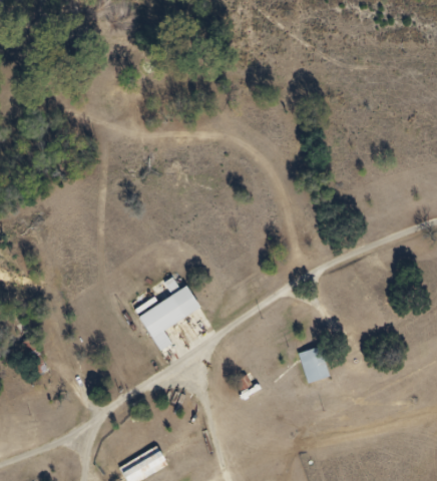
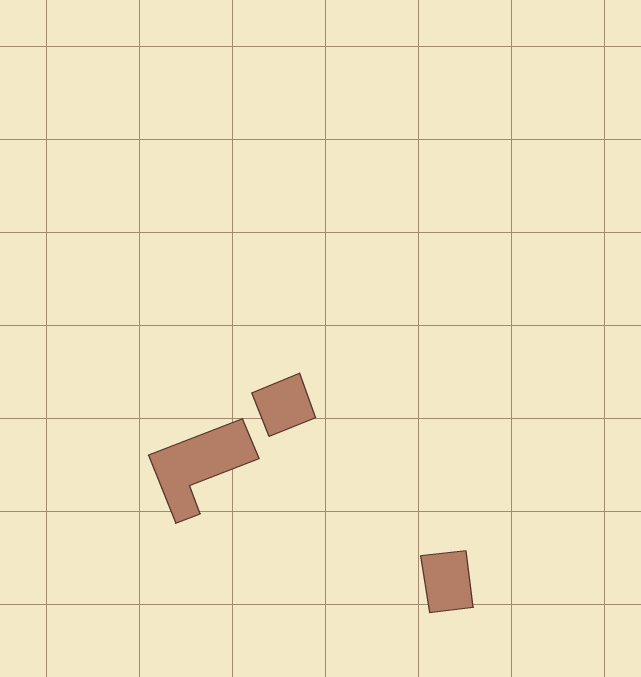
building: none -> [252,373,315,436]

